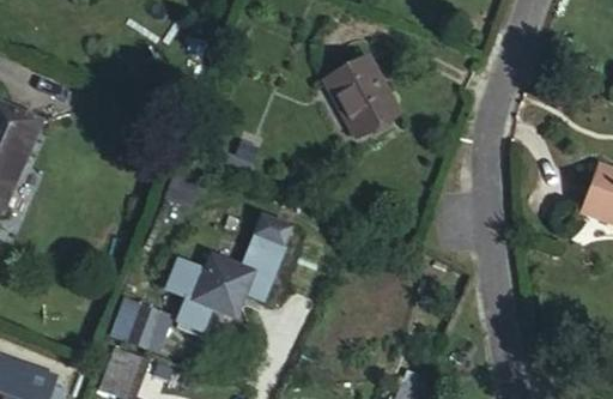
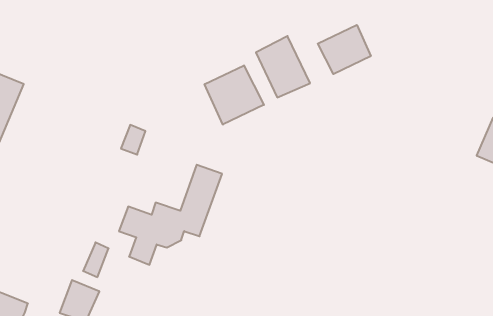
building: none -> [318,25,371,74]
building: none -> [205,65,264,125]

